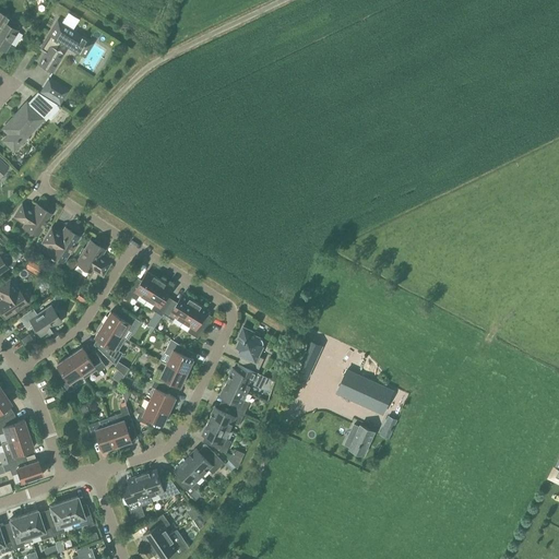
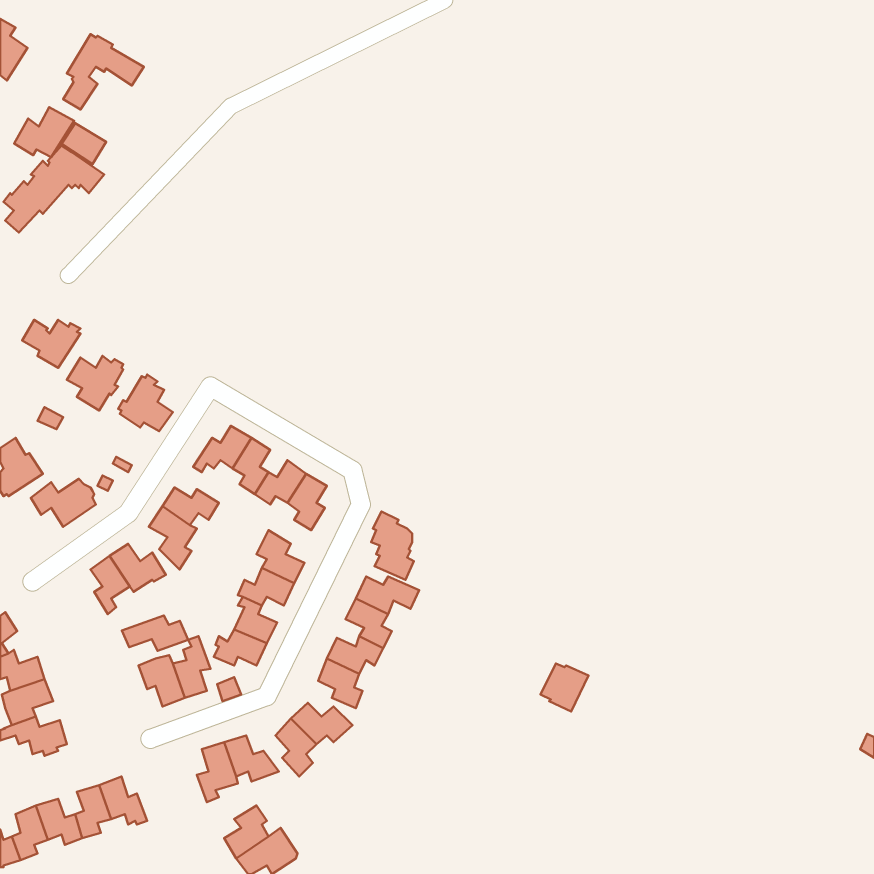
building: none -> [14,107,74,157]
building: [337,369,394,414] -> none
building: none -> [122,615,188,651]

